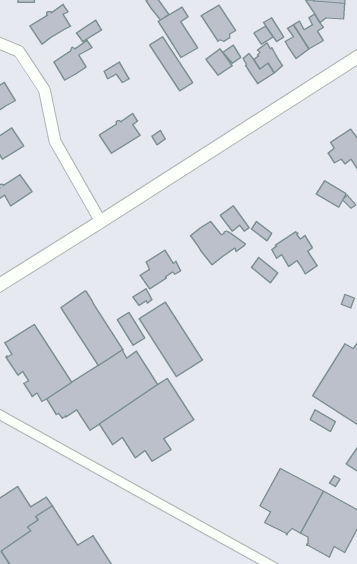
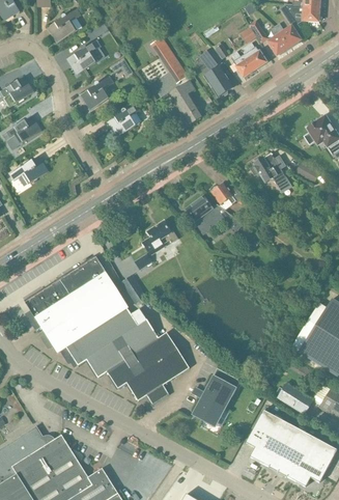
building: [201,5,236,41] -> [203,65,233,96]
building: [158,7,198,57] -> [169,81,203,124]
building: none -> [80,76,113,110]
building: [272,232,317,274] -> [250,152,289,189]
building: [139,302,203,377] -> [51,271,106,335]
building: none -> [194,367,241,421]
building: none -> [277,383,312,414]

